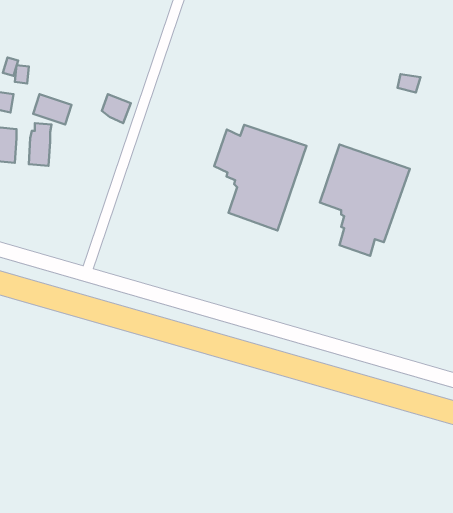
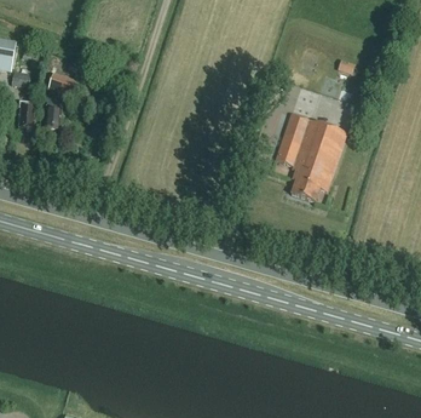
building: [214,125,307,230] -> none

